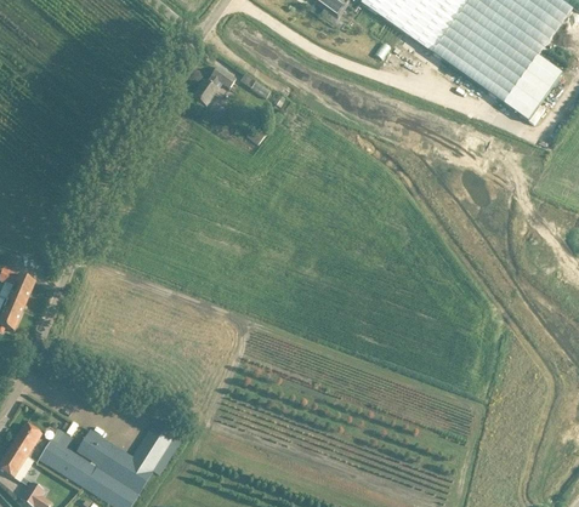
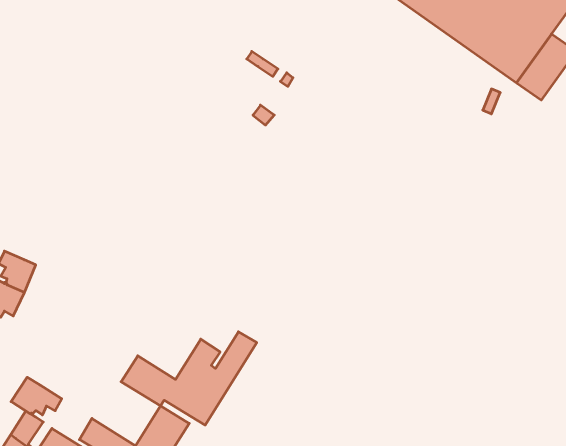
building: [193,65,237,106] -> none
building: none -> [121,332,257,425]
building: none -> [11,377,62,415]

